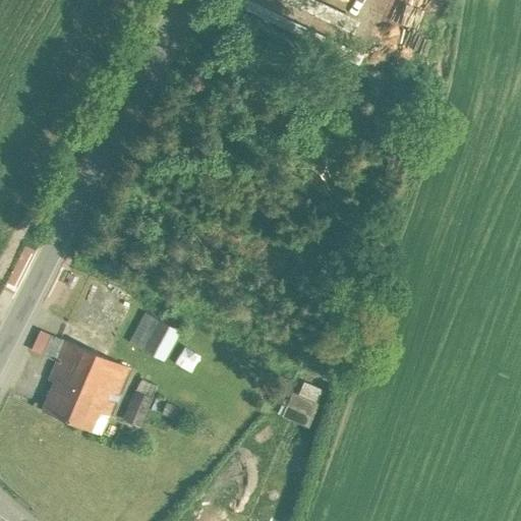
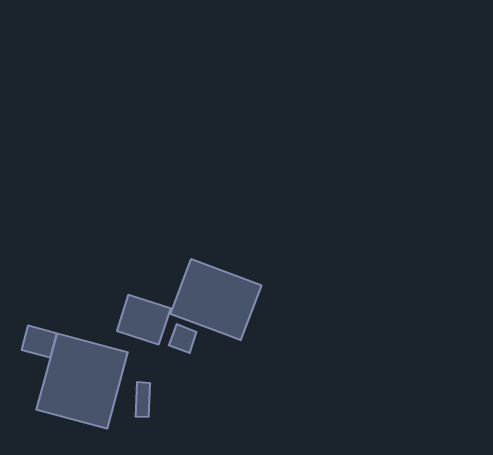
building: none -> [170,259,261,340]
building: [278,382,321,427] -> none

